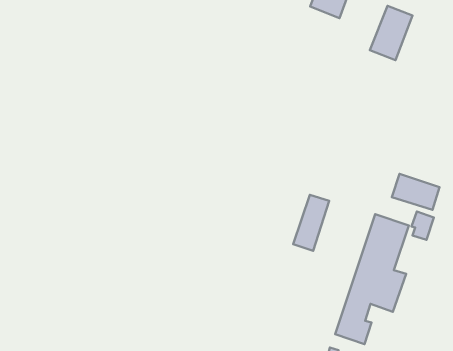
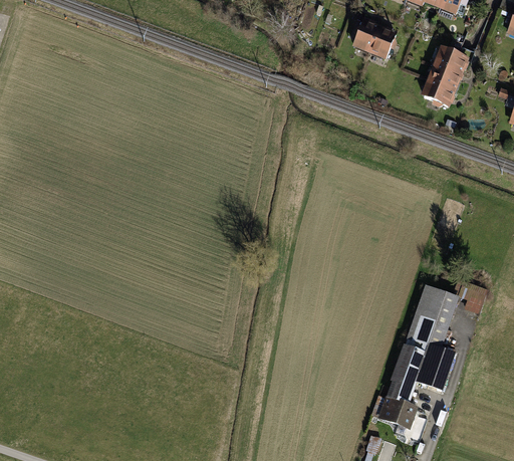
building: [392,174,440,210] -> none
building: [293,195,329,251] -> none

